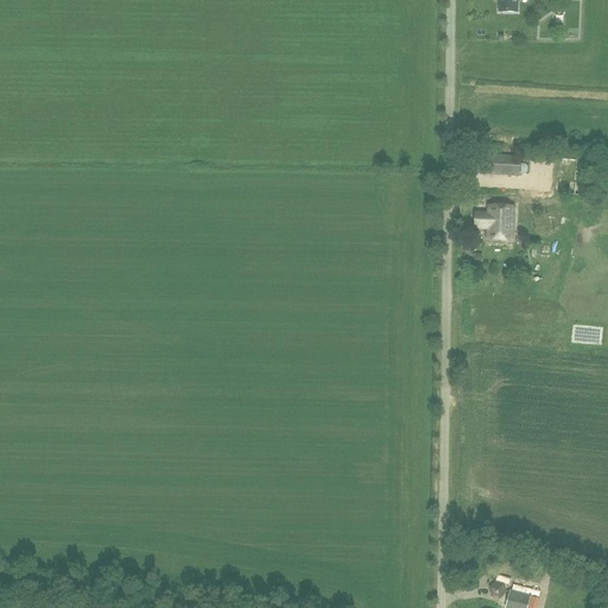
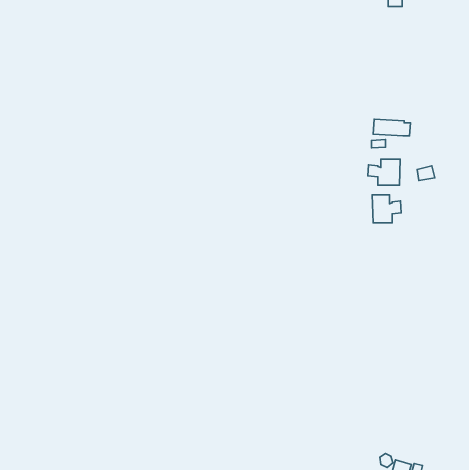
building: none -> [372,195,401,223]

